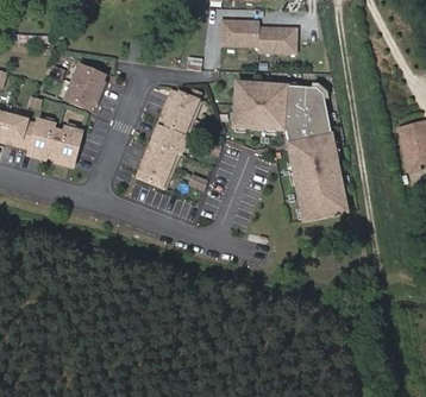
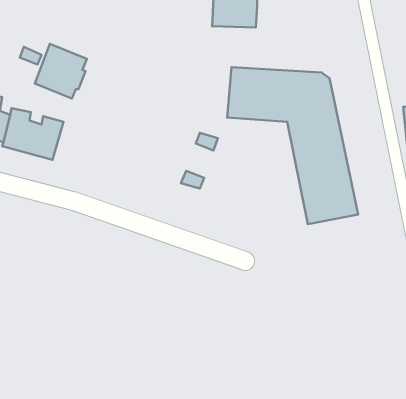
building: [257,30,295,56] -> none
building: [142,93,202,188] -> none

